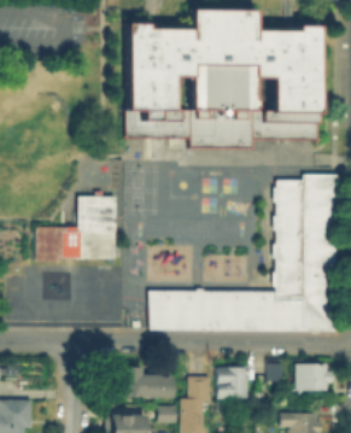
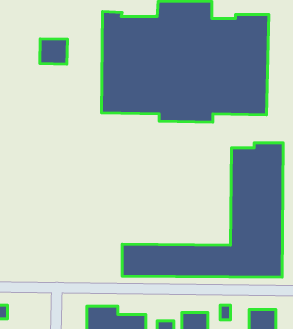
building: none -> [40,39,67,64]
building: [36,198,115,263] -> none

